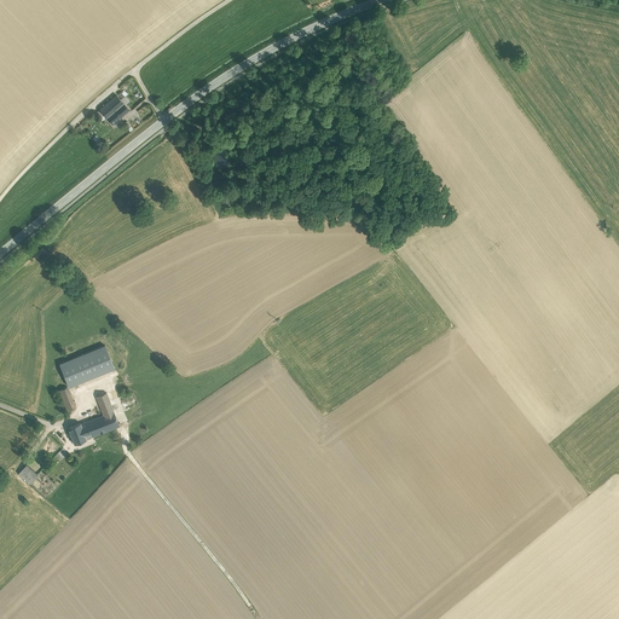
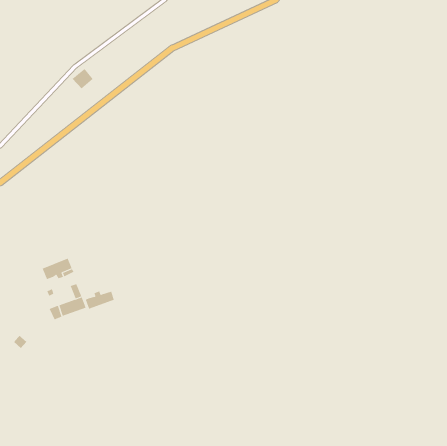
building: none -> [85,290,115,309]

